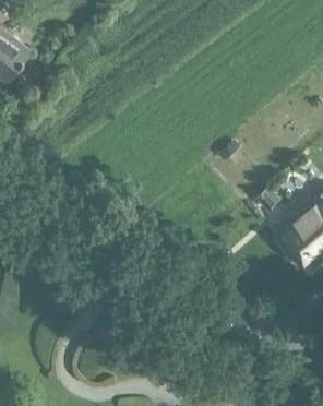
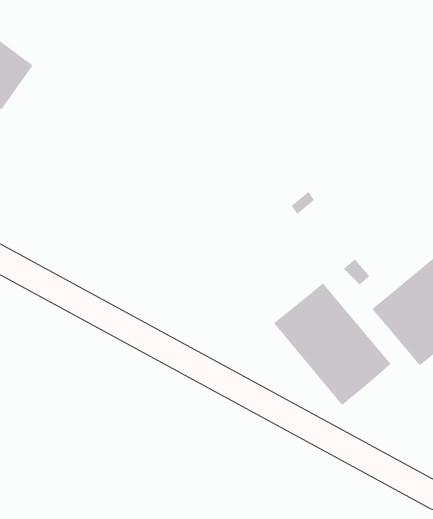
building: none -> [273,283,392,406]

